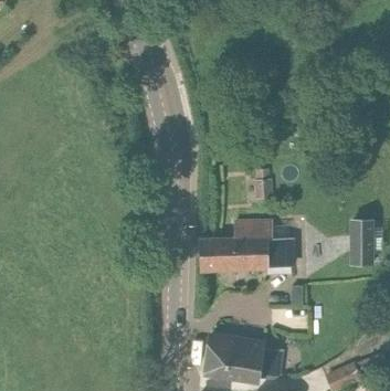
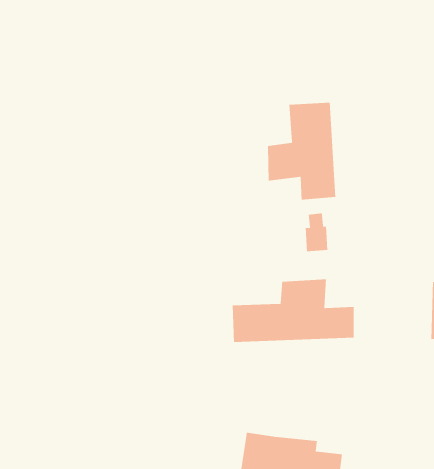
building: none -> [267,102,336,201]

